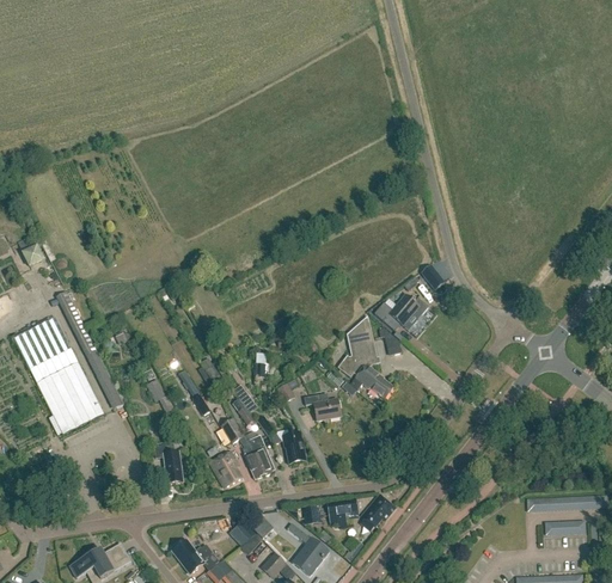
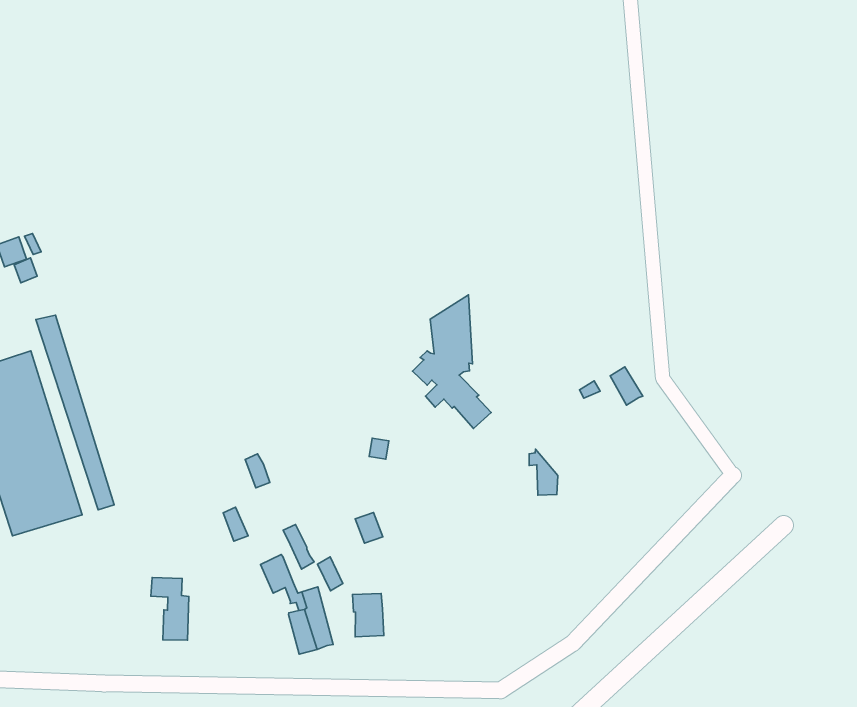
building: [374,296,429,332] -> none
building: [341,317,394,400] -> [412,295,491,429]
building: [302,393,339,422] -> none
building: [209,450,241,487] -> none

